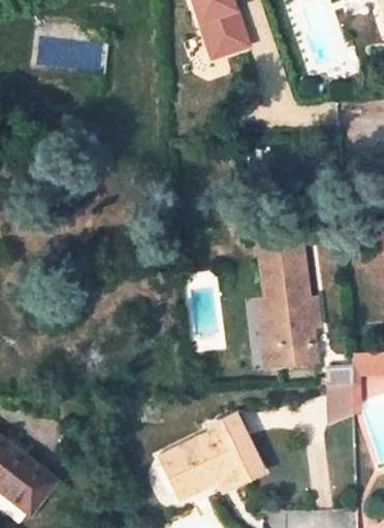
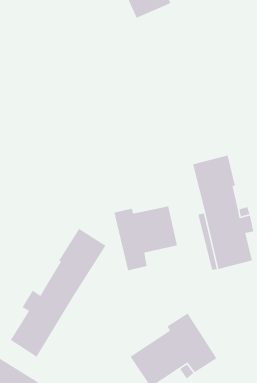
building: none -> [114,205,178,271]
building: none -> [10,228,106,358]

